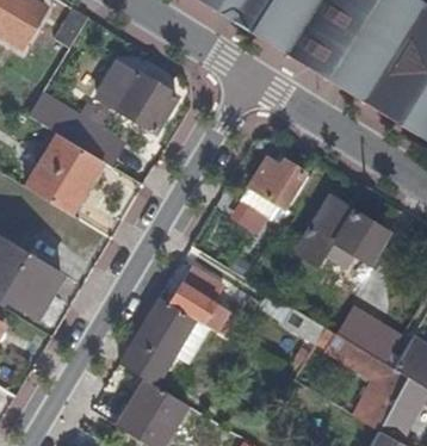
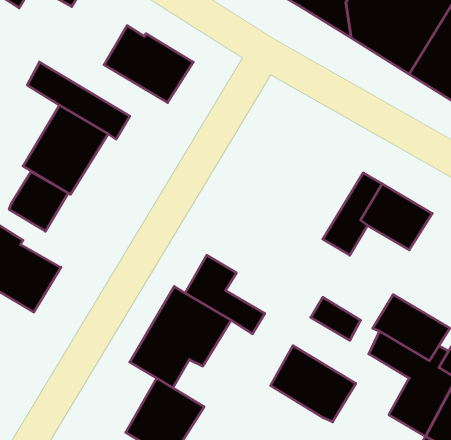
building: [237,155,304,223] -> none
building: none -> [9,172,68,231]
building: none -> [271,346,356,422]

